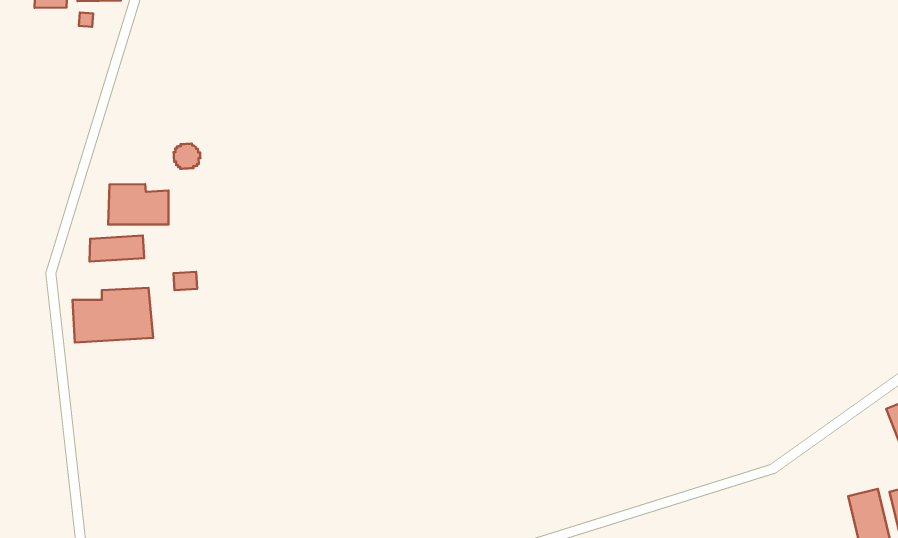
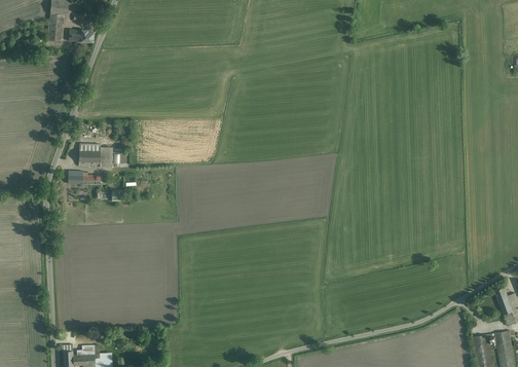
building: [72,288,153,343] -> none

